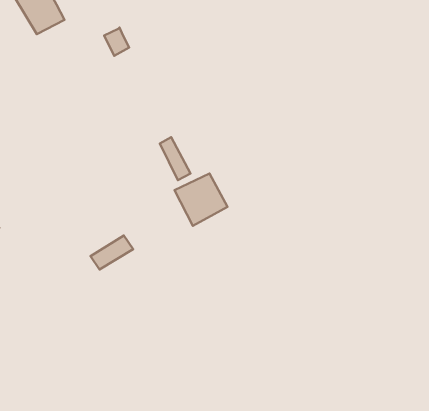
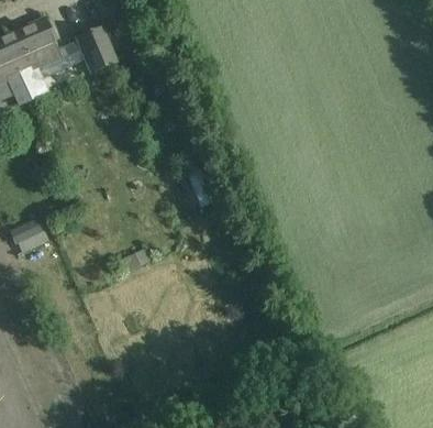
building: [174,174,228,226] -> none

